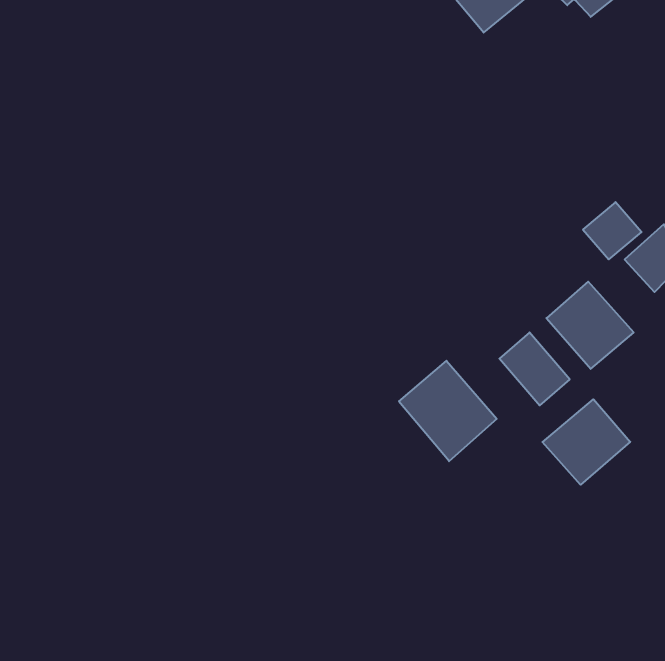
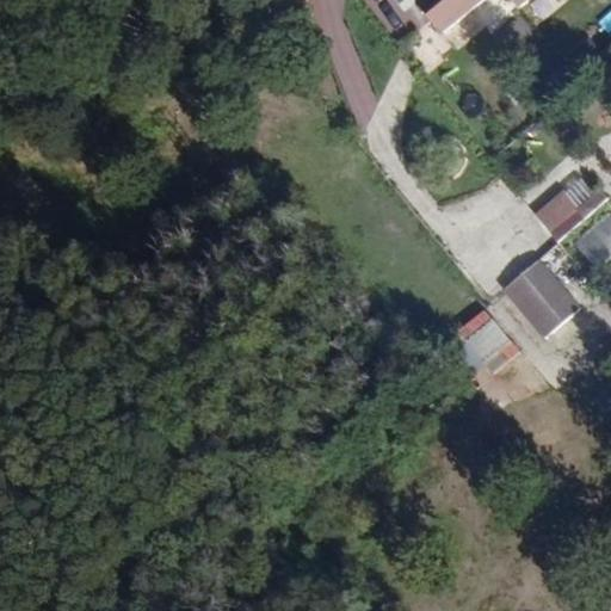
building: [399,361,497,461] -> none
building: [542,399,630,485] -> none

